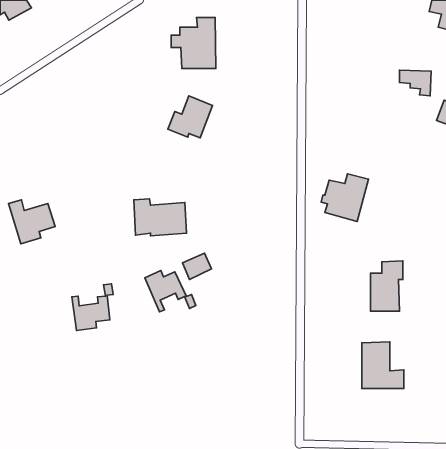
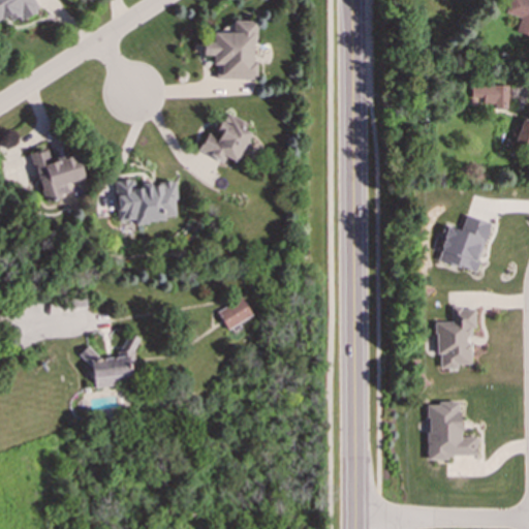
building: [321,174,369,221] -> [436,215,492,271]
building: [134,199,186,236] -> [117,179,179,222]
building: [8,200,55,244] -> [32,150,87,201]
building: [145,271,196,312] -> none

